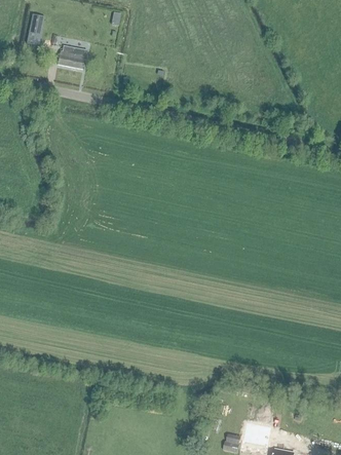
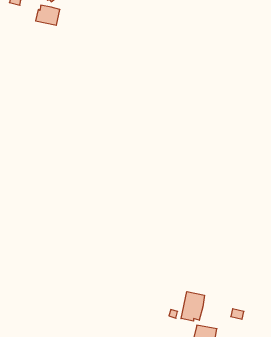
building: none -> [181,292,204,321]

